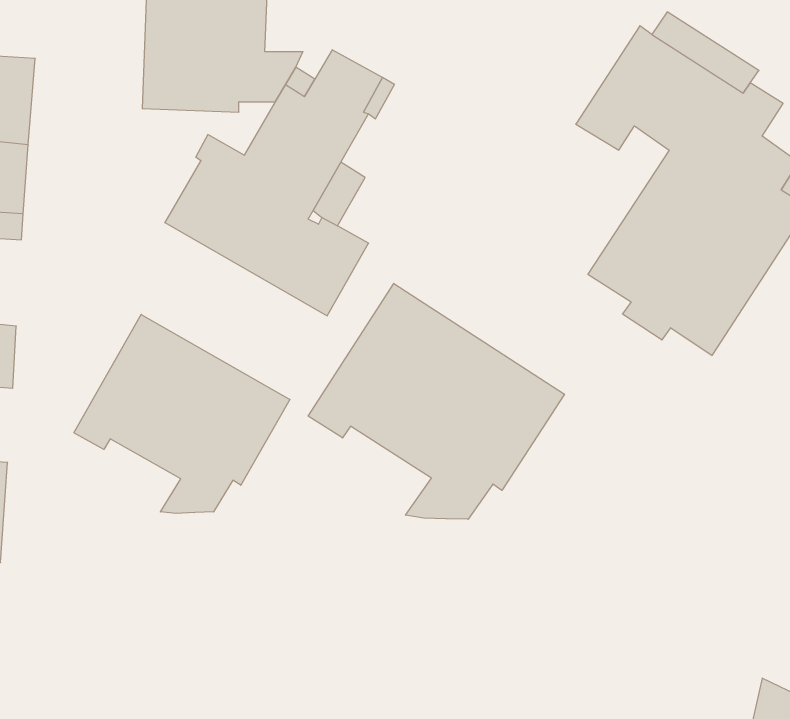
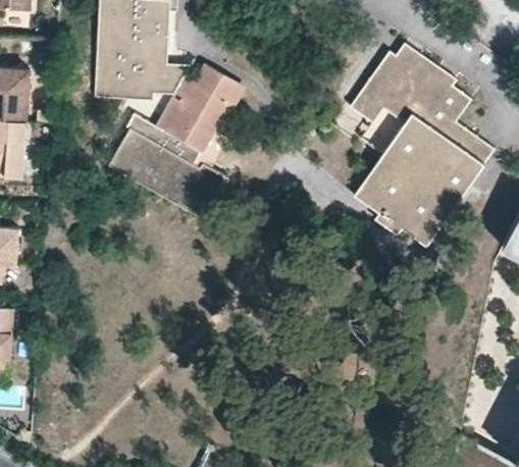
building: [308,283,564,519] -> none
building: [74,314,290,513] -> none

